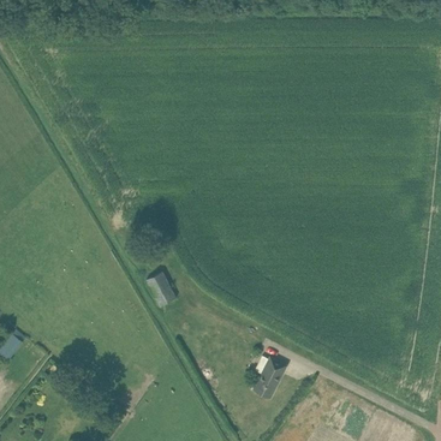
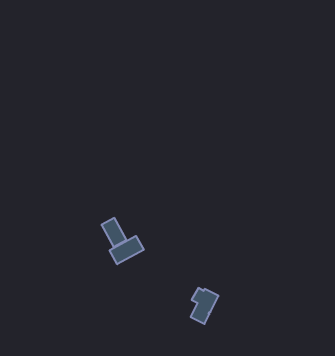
building: none -> [110,236,144,264]

